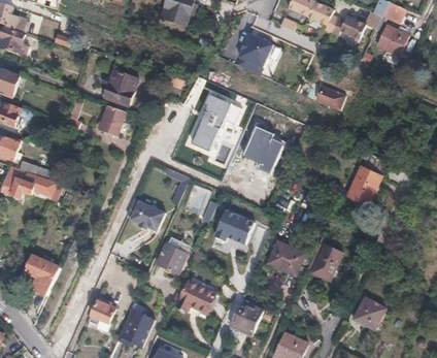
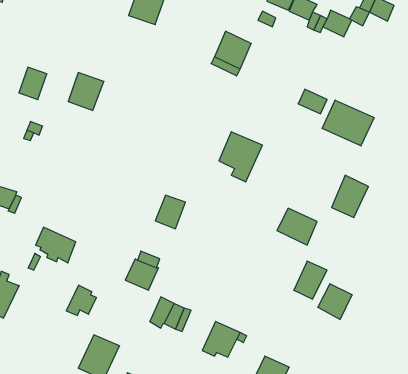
building: [375,25,408,57] -> none
building: [186,93,228,150] -> none
building: none -> [322,100,374,146]
building: [99,105,125,135] -> [19,67,47,100]
building: [127,198,164,231] -> [36,227,76,263]
building: [213,210,255,246] -> none
building: [268,241,305,275] -> [277,208,317,245]
building: [88,297,115,325] -> [66,285,96,315]
building: [354,297,385,330] -> [318,284,352,319]

